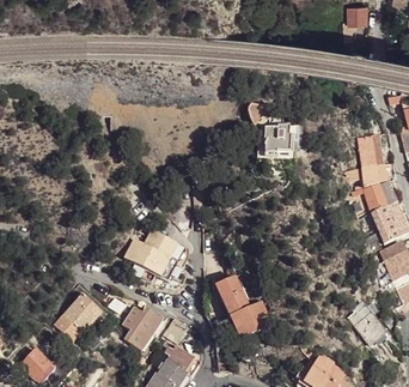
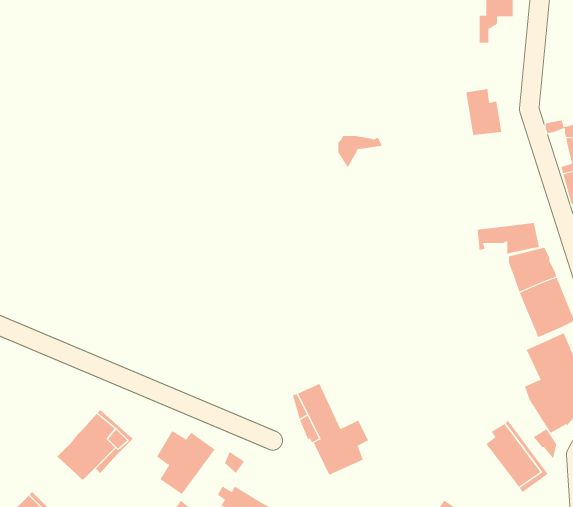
building: [265,127,297,152] -> none
building: [356,133,381,165] -> [465,89,502,136]
building: [124,229,184,280] -> none

